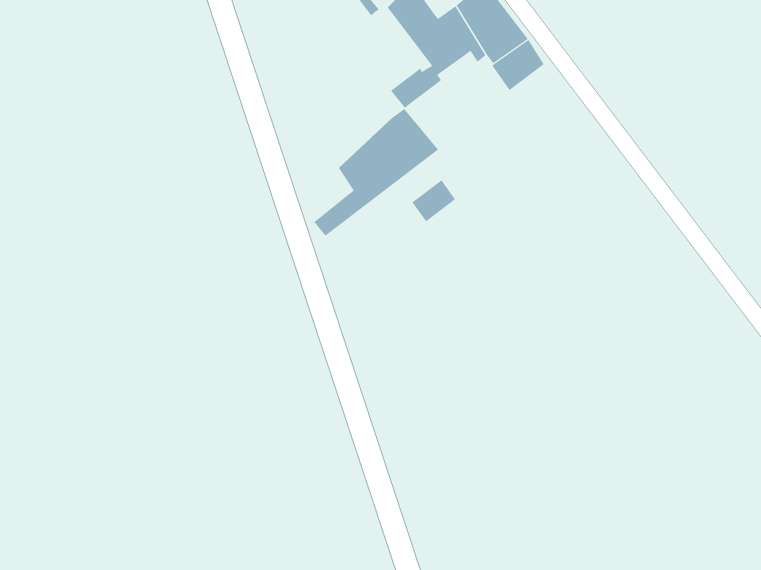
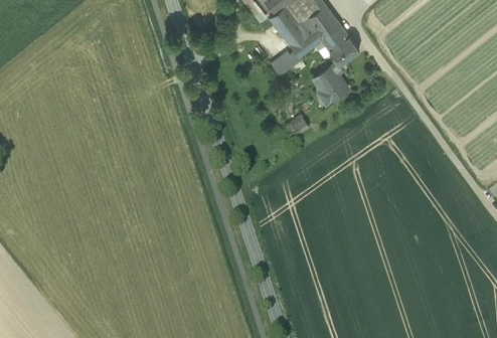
building: none -> [313,62,347,101]
building: [313,108,439,237] -> none

